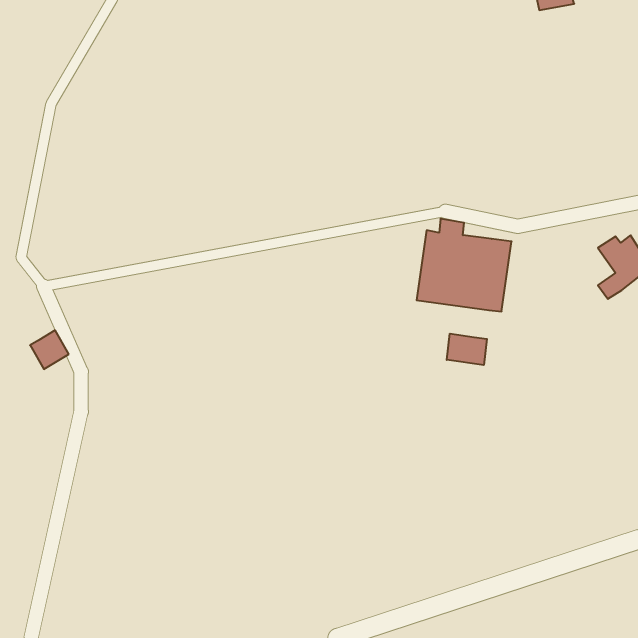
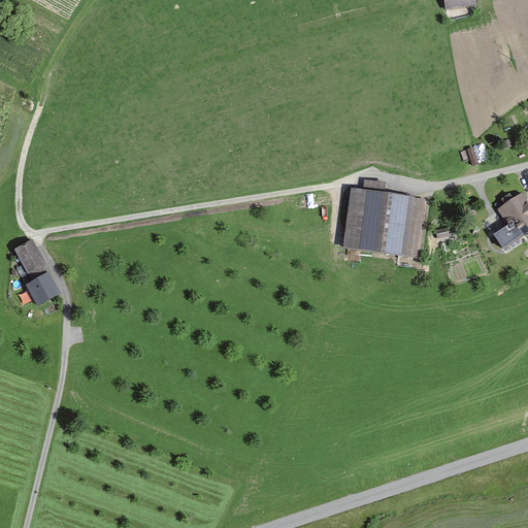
building: none -> [14,240,44,272]
building: [447,334,487,365] -> none

